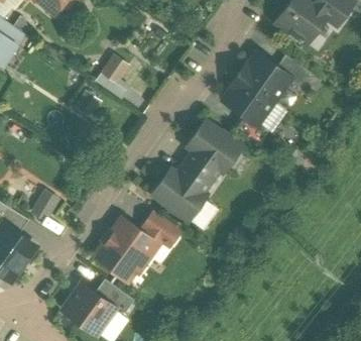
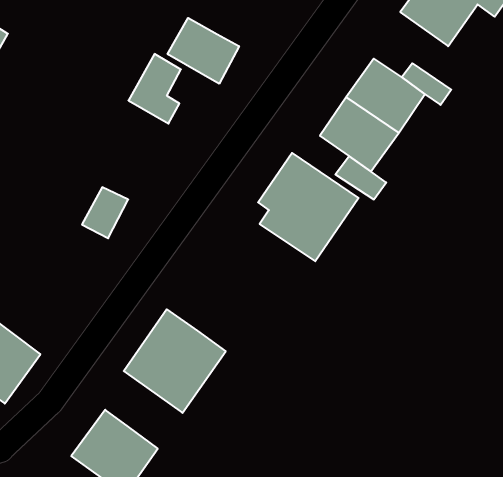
building: none -> [168,18,239,84]
building: [147,161,219,226] -> none
building: [30,186,61,219] -> [82,187,128,238]
building: [142,216,180,250] -> none
building: [97,280,135,314] -> none

